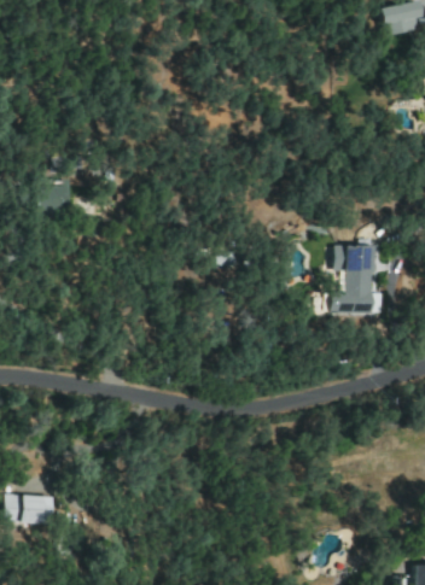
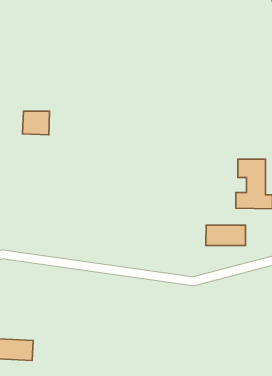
building: none -> [206,225,246,246]

